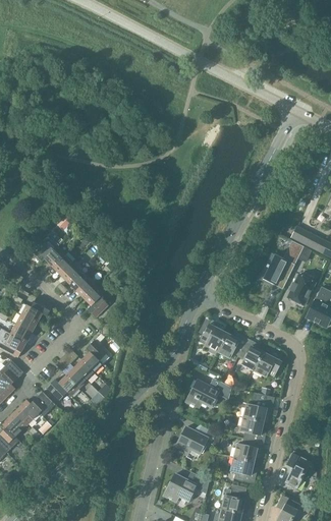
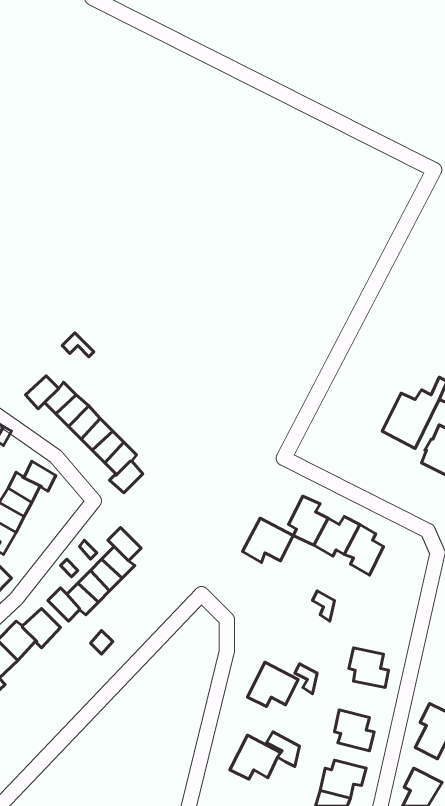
building: [253,351,283,377] -> none
building: [185,380,218,408] -> [243,518,293,562]
building: [242,398,272,421] -> none
building: [233,439,263,462] -> none

